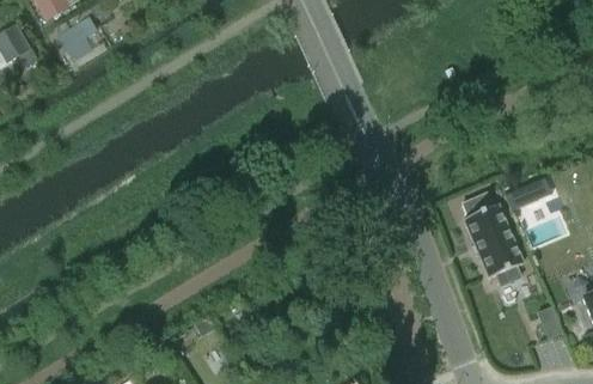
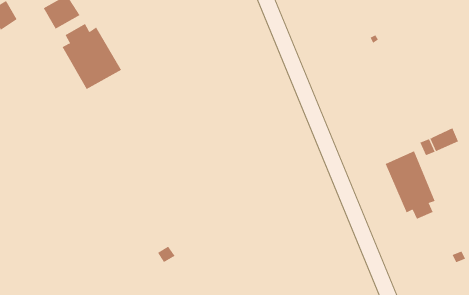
building: none -> [62,23,122,90]

